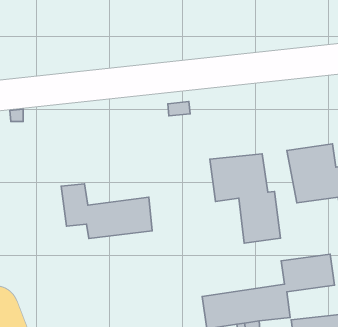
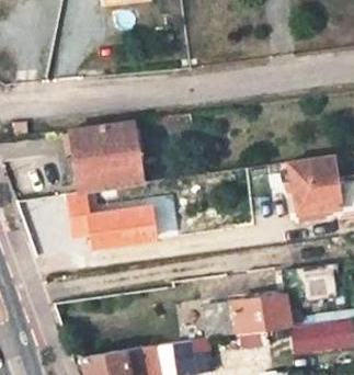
building: none -> [71,123,142,193]
building: [210,154,281,243] -> none

